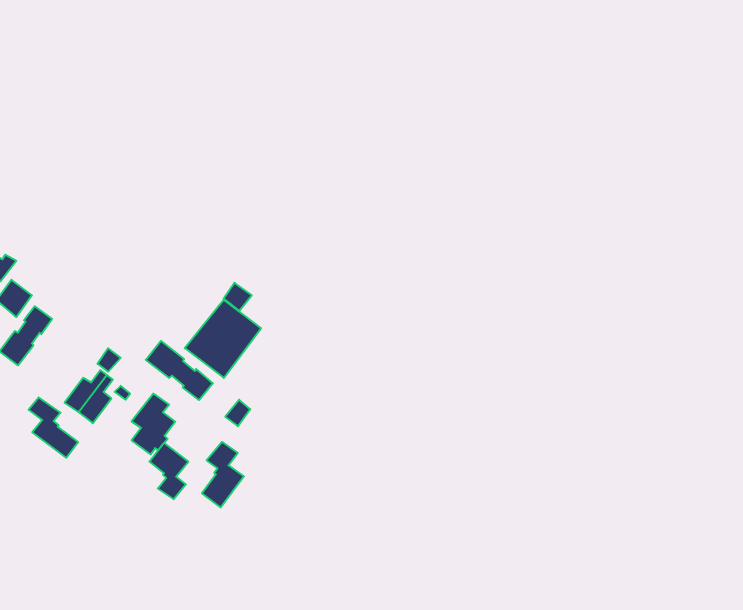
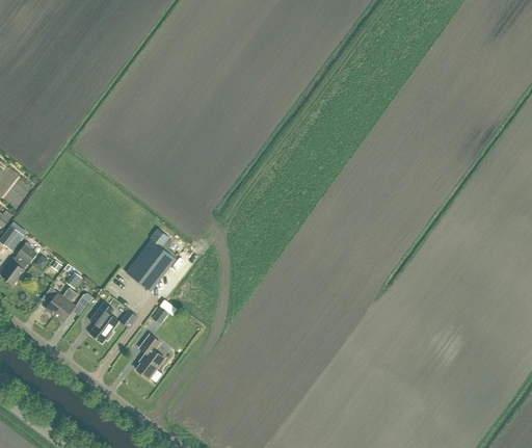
building: [146,341,213,400] -> none
building: [29,397,78,458] -> none
building: [149,443,188,499] -> none

